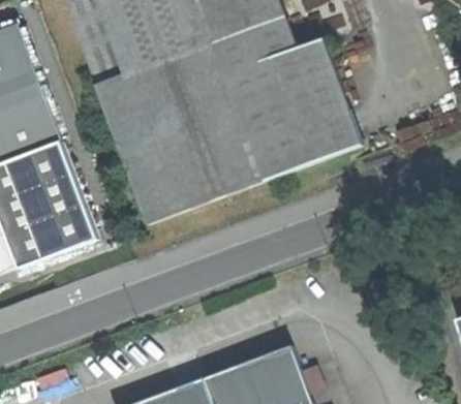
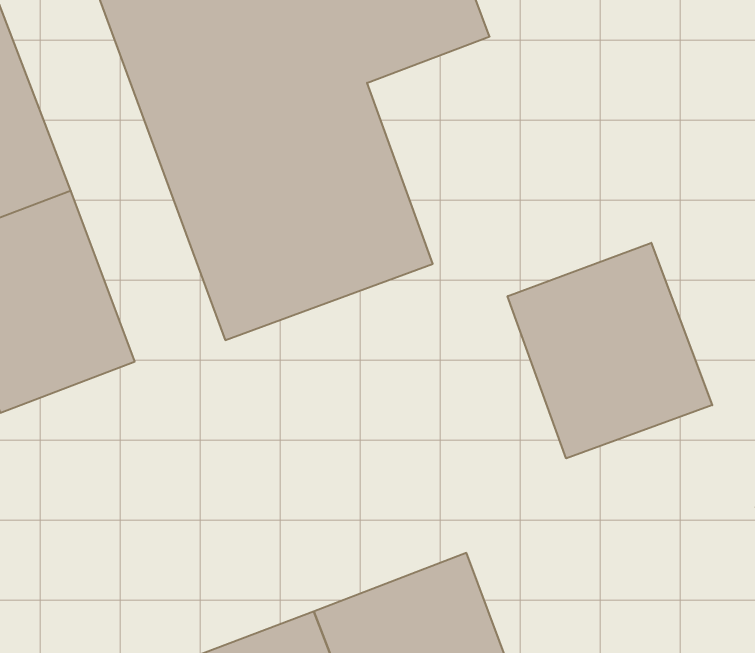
building: [229,35,367,177] -> none
building: none -> [508,243,712,458]

